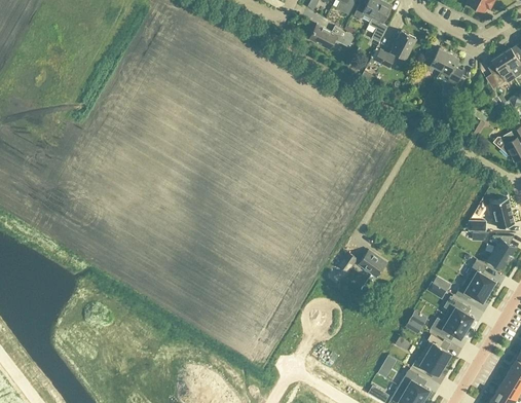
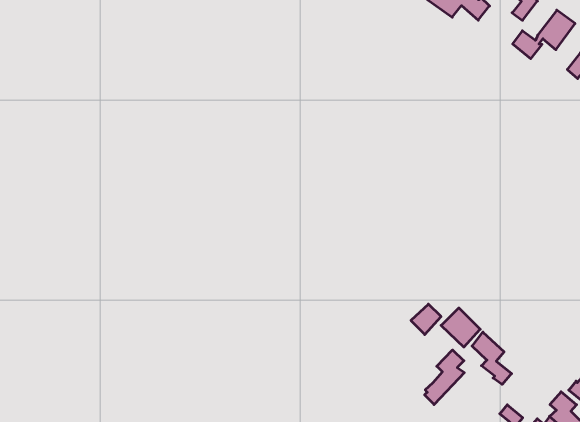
building: none -> [472,332,512,384]
building: none -> [425,350,464,405]

